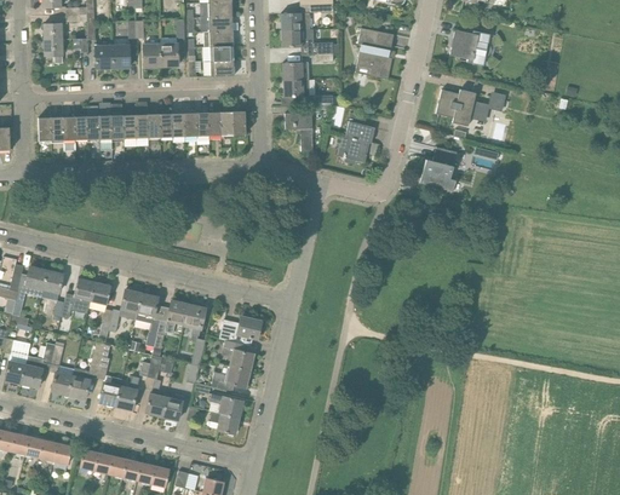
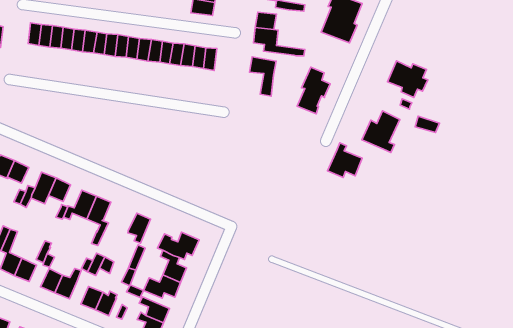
building: [449,29,490,65] -> none
building: none -> [327,143,362,178]
building: [153,300,189,349] -> none

